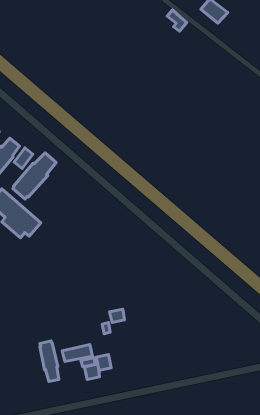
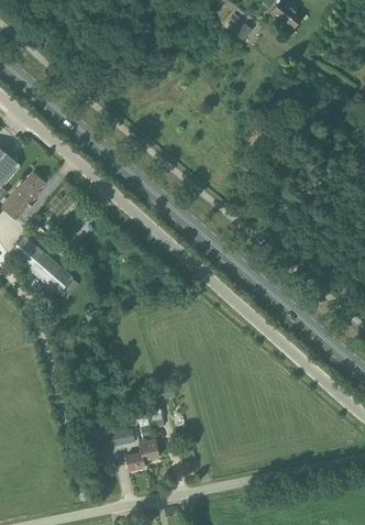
building: [13,153,56,199] -> none
building: [40,341,59,382] -> none

